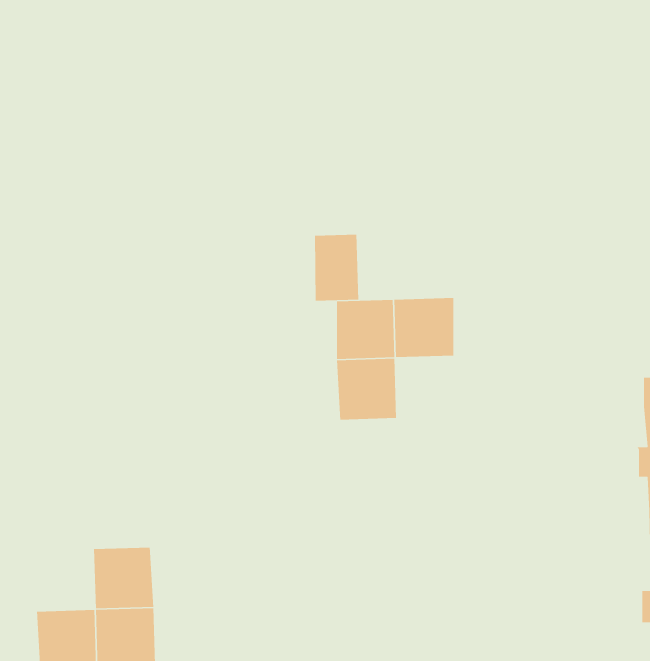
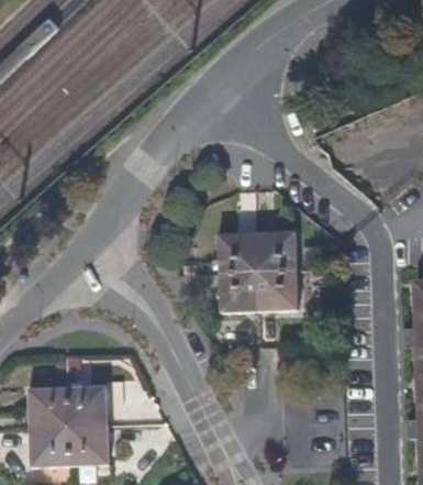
building: [314,234,359,301] -> none
building: none -> [257,268,297,308]
building: none -> [27,390,67,430]

